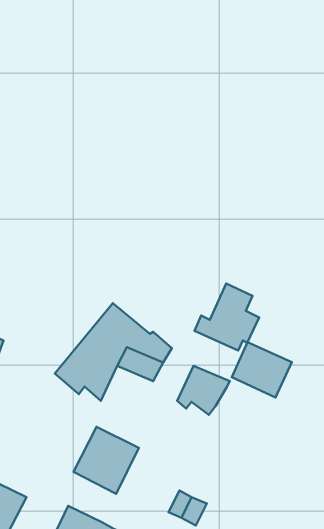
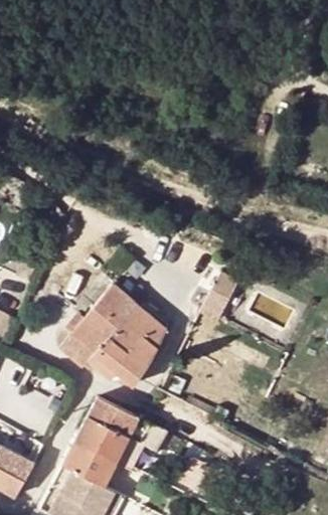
building: [232,342,292,398] -> none
building: [177,366,230,415] -> [103,341,151,386]
building: none -> [64,439,117,485]

